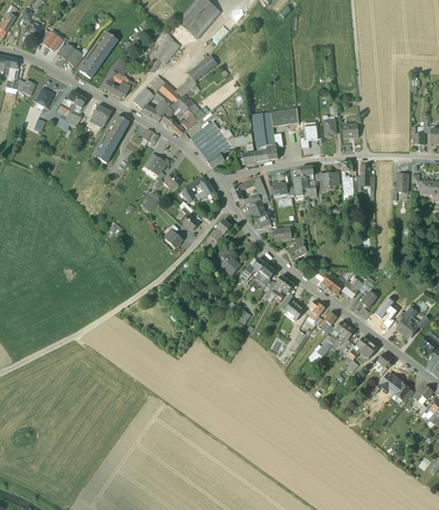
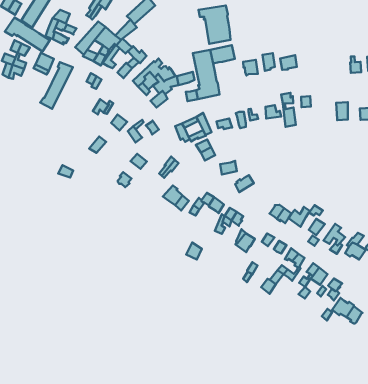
building: none -> [5,17,50,51]
building: none -> [198,5,231,44]

